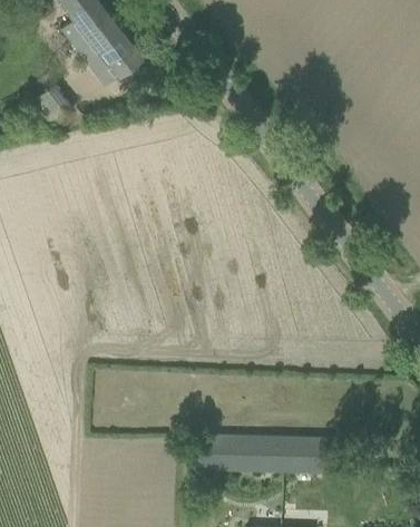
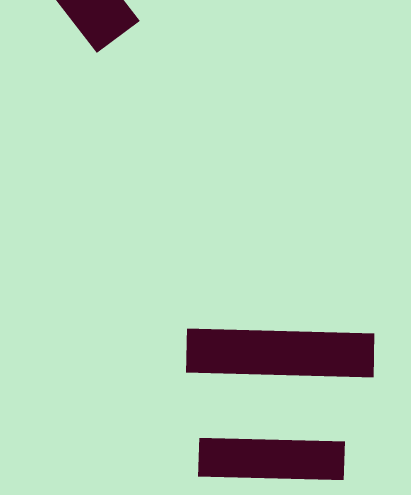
building: none -> [186,328,375,378]

